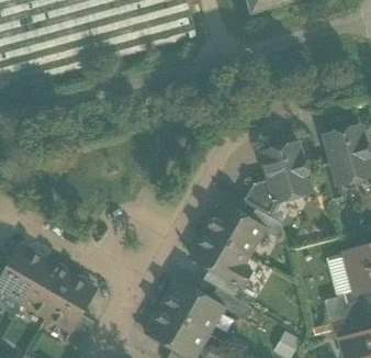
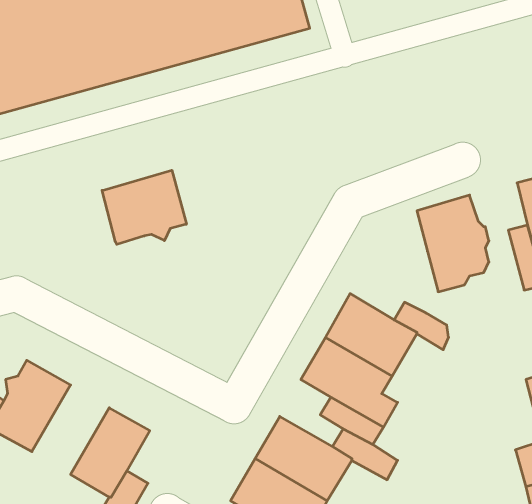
building: none -> [102,170,186,244]
building: [241,176,276,214] -> none
building: [22,259,70,315] -> none

